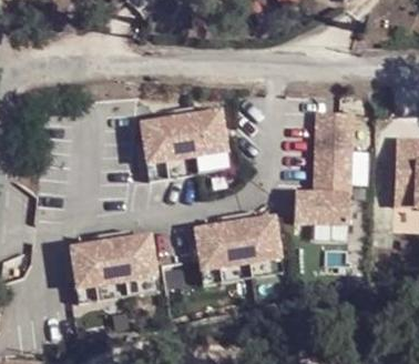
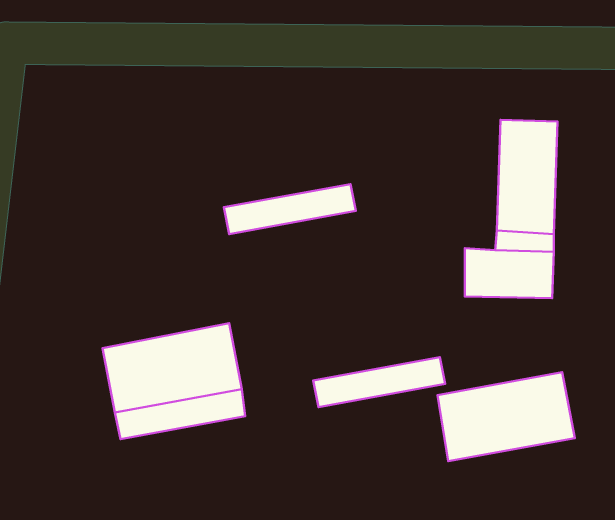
building: [137,107,224,162] -> none
building: [194,214,279,270] -> [437,372,575,461]

